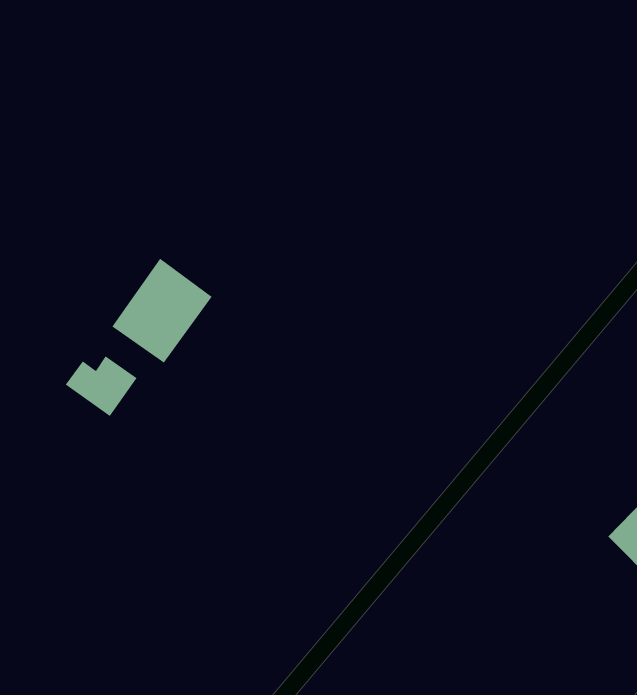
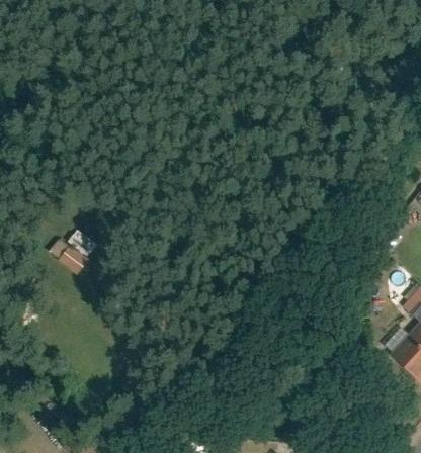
building: [112,258,212,364] -> none

